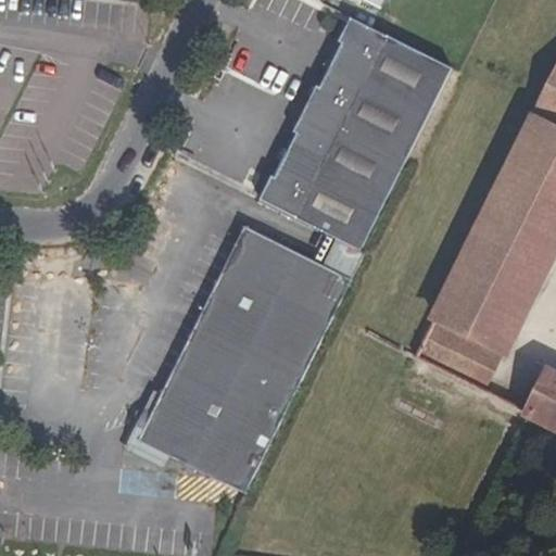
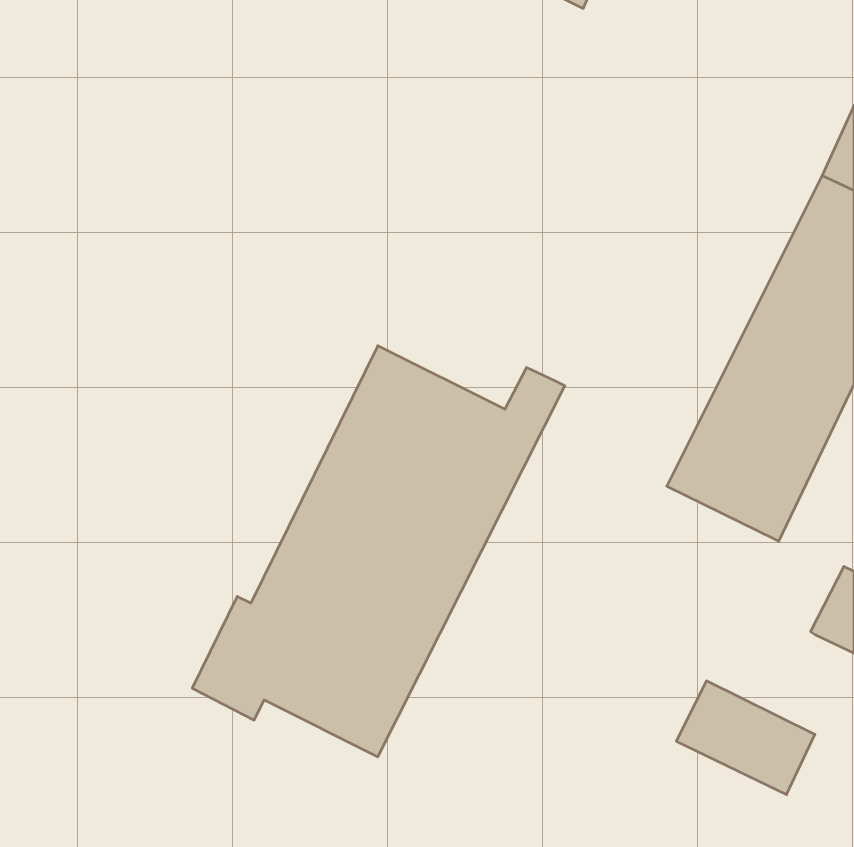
building: [260,15,452,248] -> none
building: [414,316,504,390] -> [676,681,815,795]

